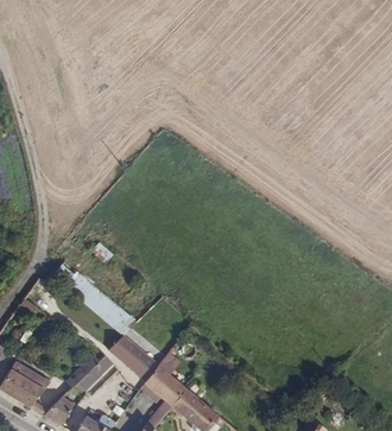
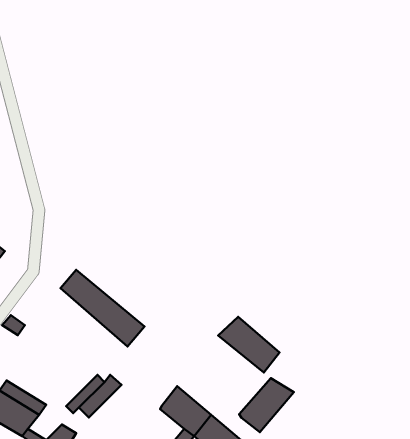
building: [108,335,159,381] -> [218,317,279,372]
building: none -> [239,378,294,432]

